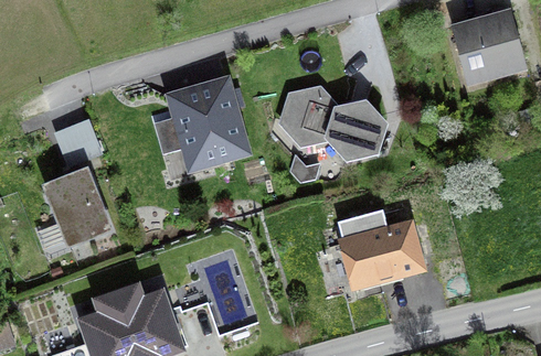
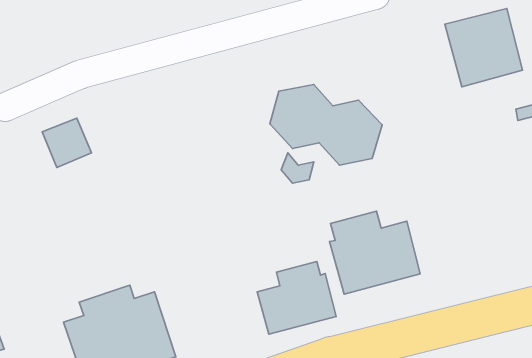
building: [150,76,252,174] -> none
building: [20,169,113,262] -> none
building: none -> [257,262,336,334]

